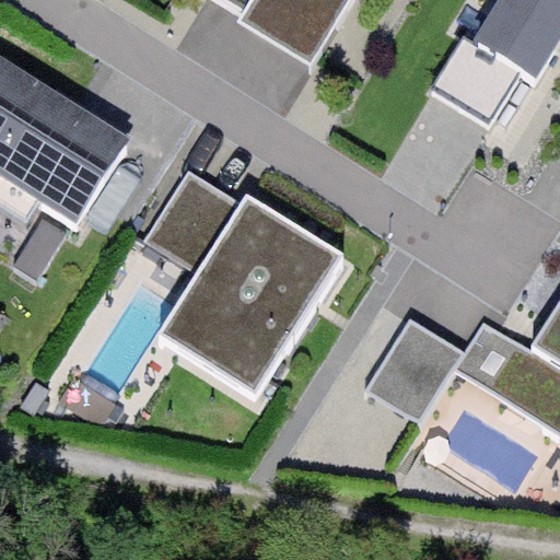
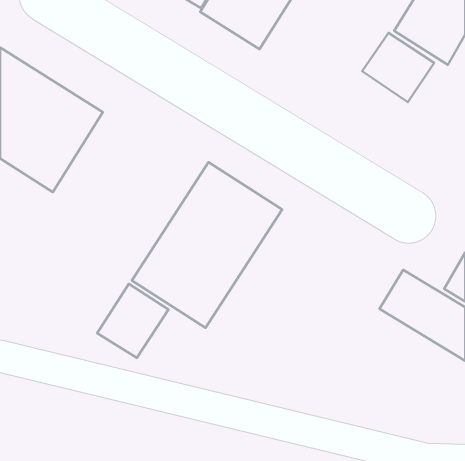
building: [145,168,243,271] -> none
building: [368,318,464,422] -> none
building: none -> [97,284,169,358]

